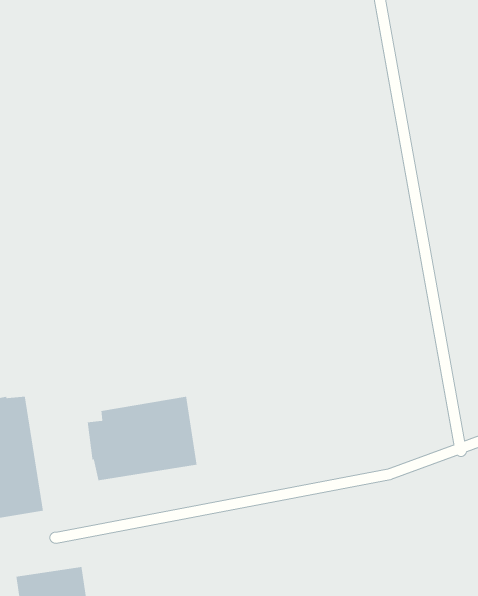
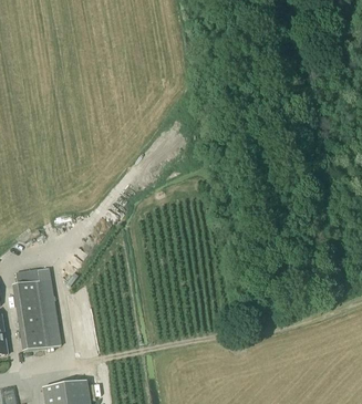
building: [87,396,198,481] -> none

